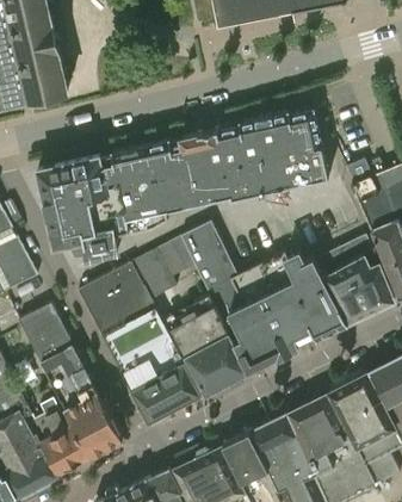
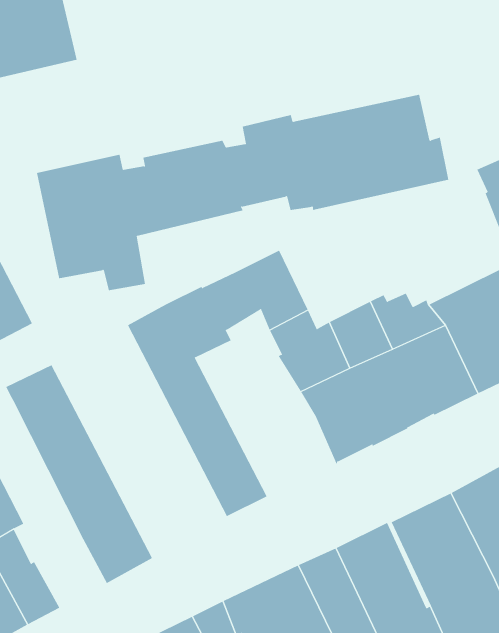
building: [76,277,172,424] -> none
building: [167,298,248,396] -> none
building: [24,401,88,473] -> none

